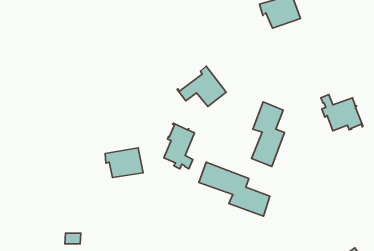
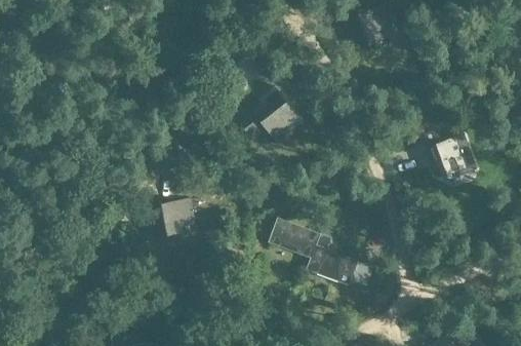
building: [252,102,285,167] -> none
building: [164,123,195,169] -> none

